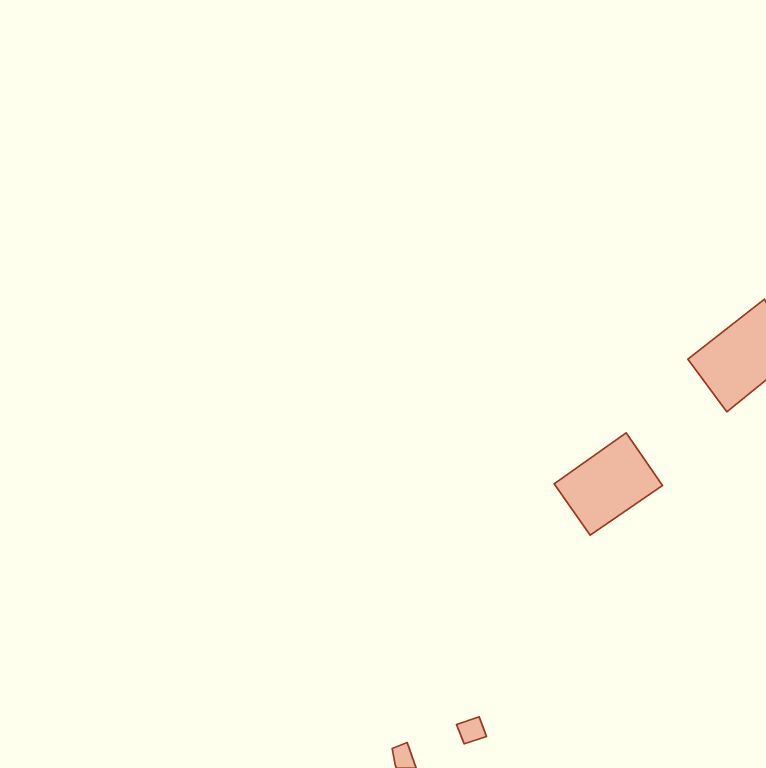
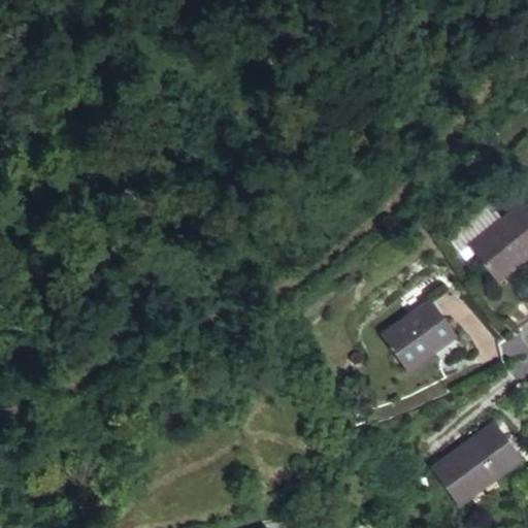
building: none -> [447,430,520,498]

